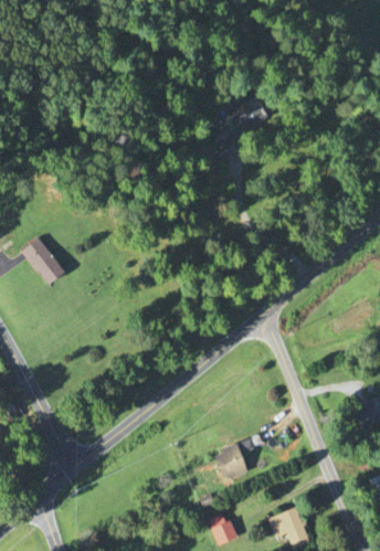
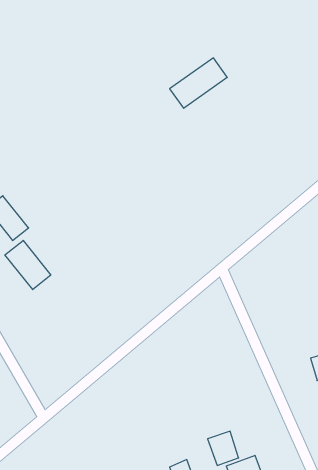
building: none -> [5,240,51,290]
building: [215,444,247,479] -> [208,431,239,465]

